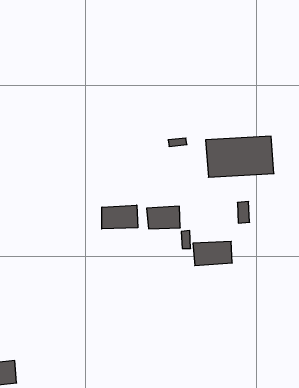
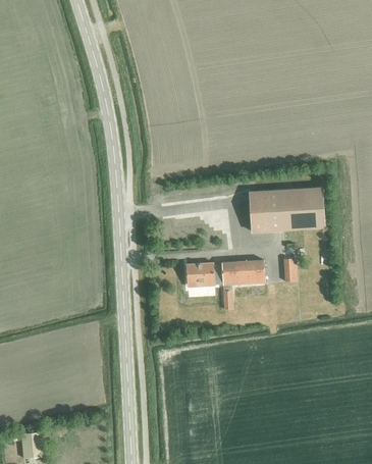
building: [102,205,138,229] -> none
building: [193,241,232,266] -> [220,260,263,287]

